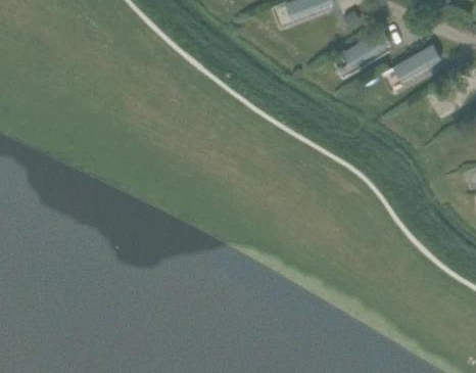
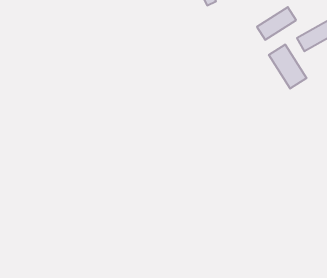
building: none -> [269,44,306,89]

